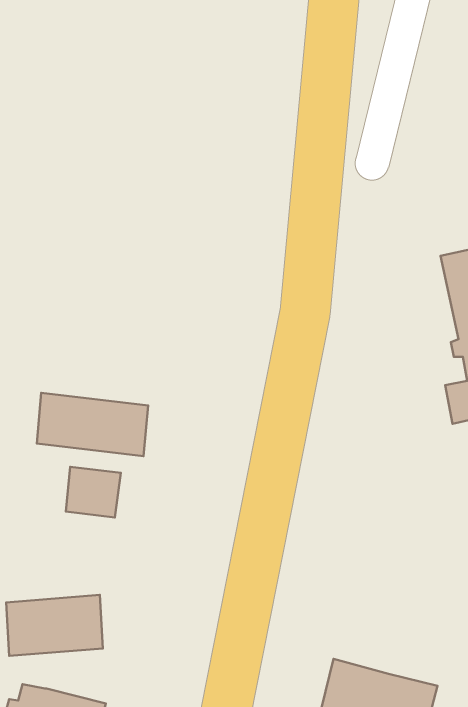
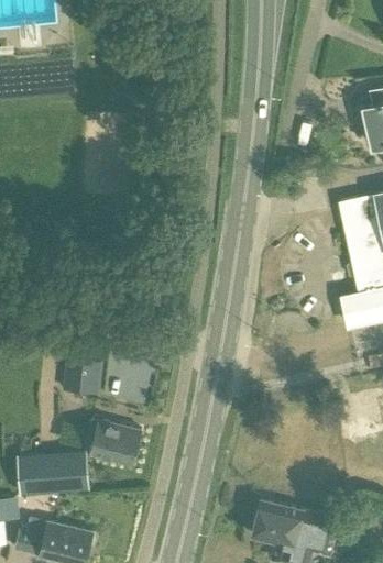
building: [37,393,148,456] -> none
building: none -> [85,420,141,465]

